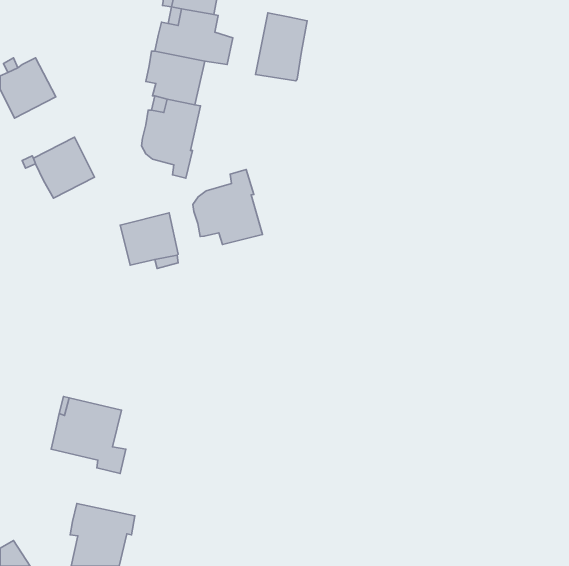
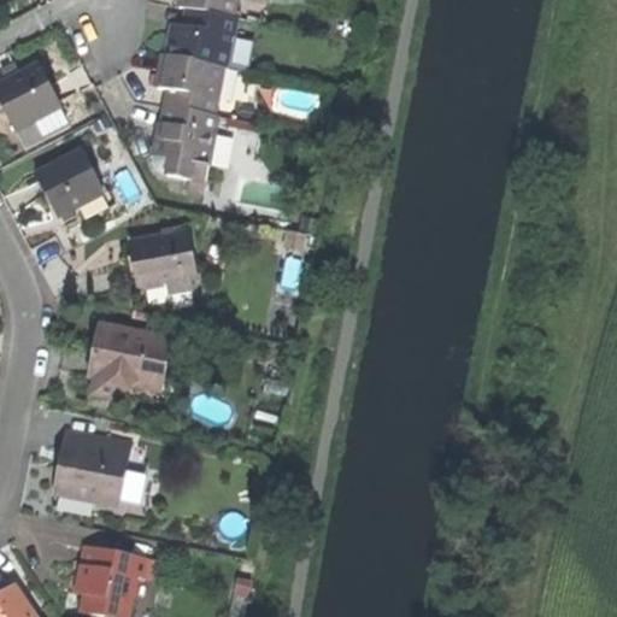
building: [256,13,307,81] -> none
building: [193,170,262,245] -> none
building: none -> [90,323,171,396]

